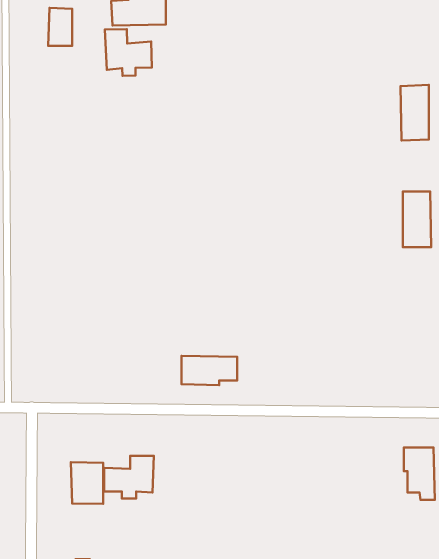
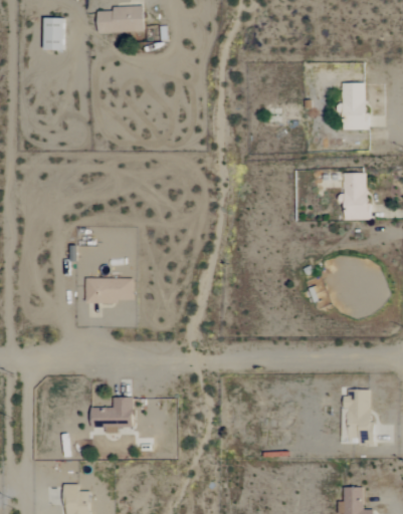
building: [105,29,152,76] -> none
building: [181,356,237,385] -> [85,278,133,303]
building: [71,462,103,504] -> none

